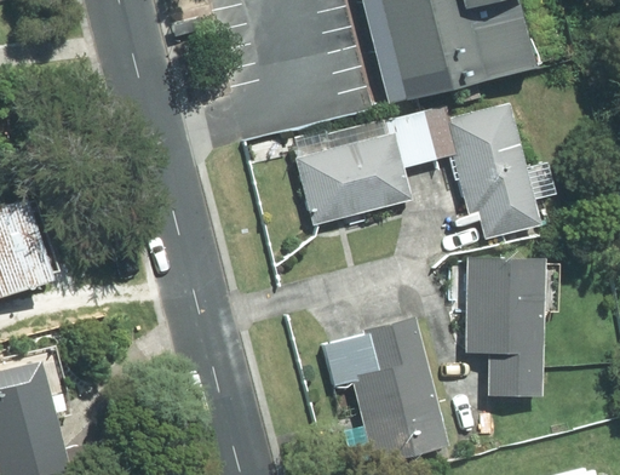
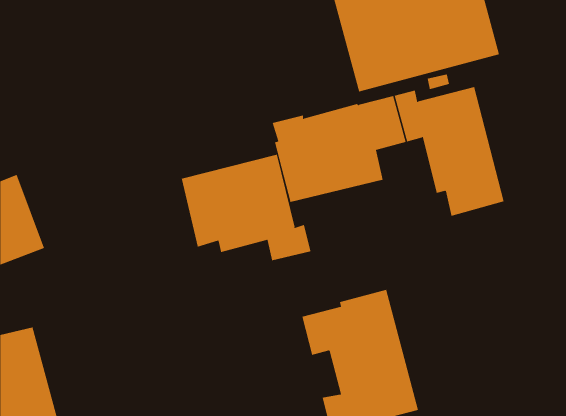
building: none -> [181,154,311,261]
building: [467,256,546,396] -> none

